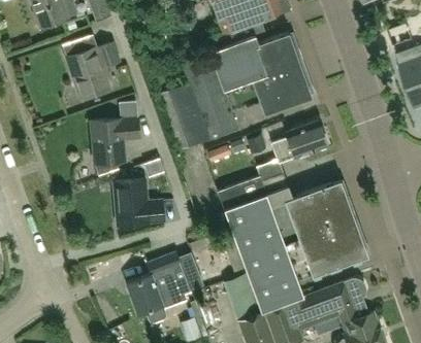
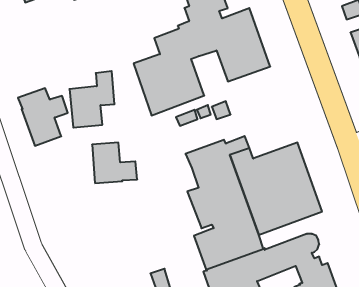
building: [62,34,117,97] -> [18,88,68,146]
building: [271,121,327,163] -> none
building: [127,252,204,323] -> none

